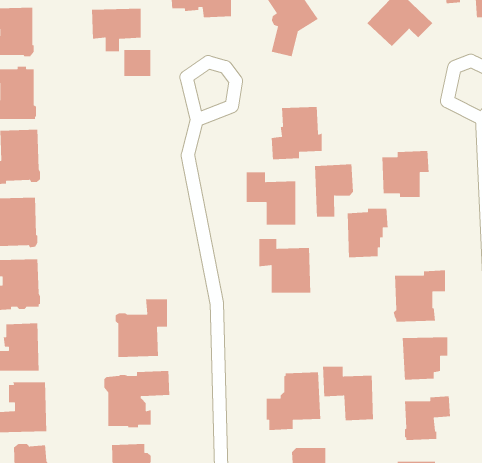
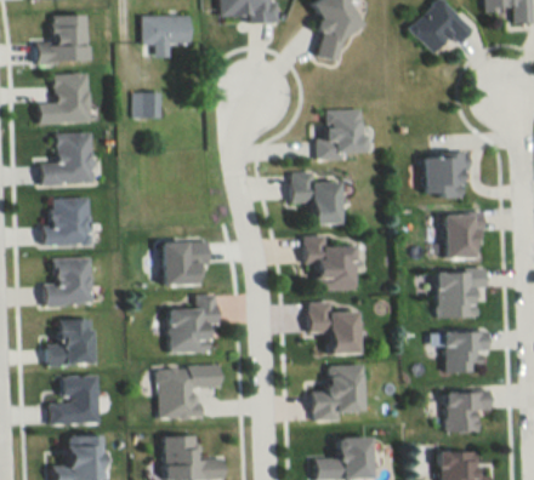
building: [124,49,151,77] -> [135,91,161,118]
building: [314,163,354,218] -> none
building: [347,208,389,258] -> [444,211,484,259]
building: none -> [161,241,209,286]
building: [322,366,374,421] -> [309,302,359,355]

